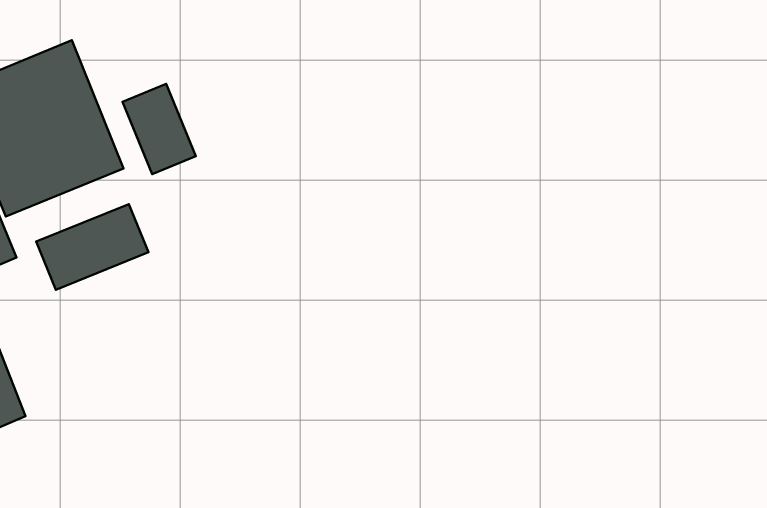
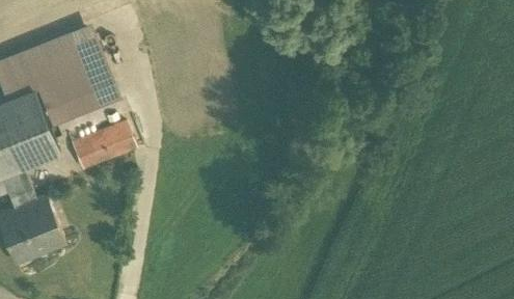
building: [123,84,196,174] -> none

